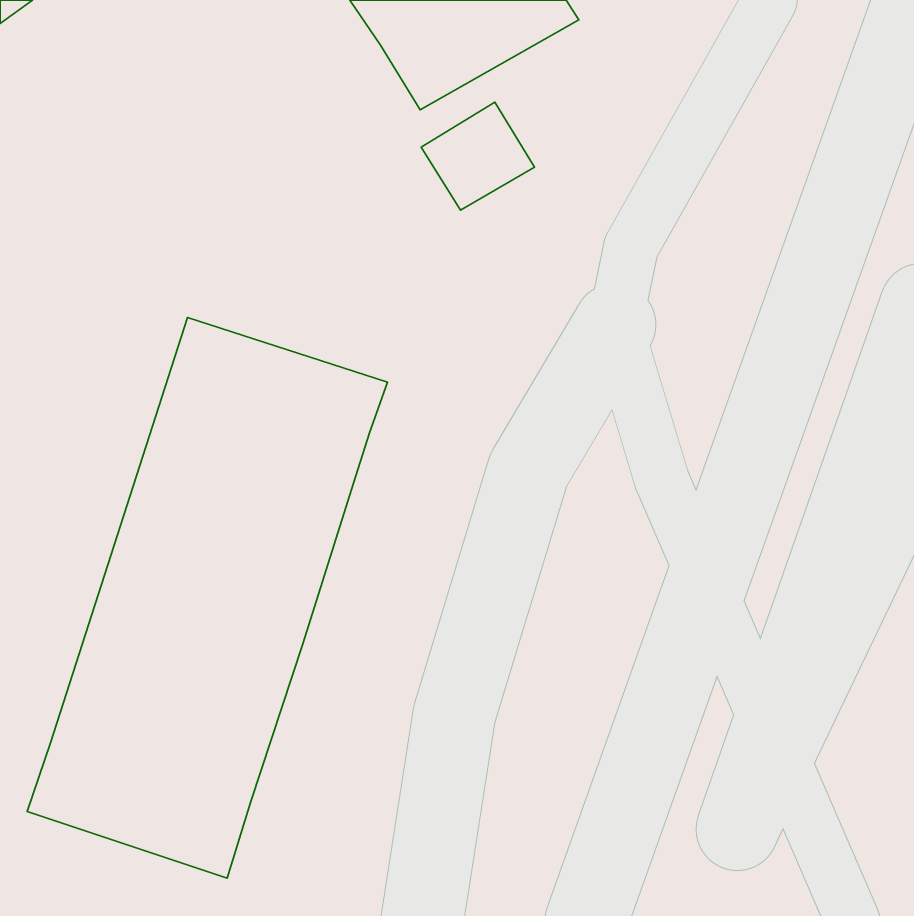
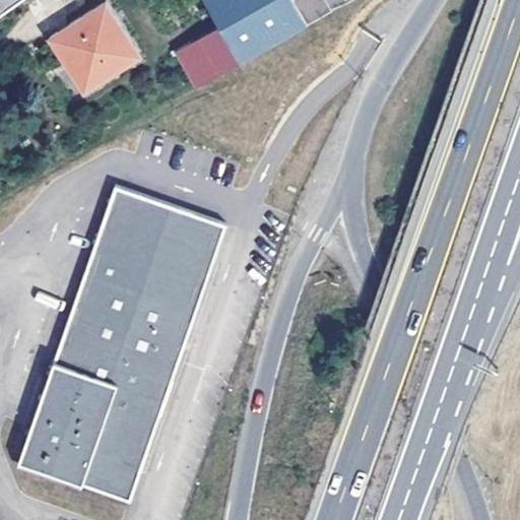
building: none -> [51,9,141,99]
building: [421,102,535,210] -> [177,28,241,89]

